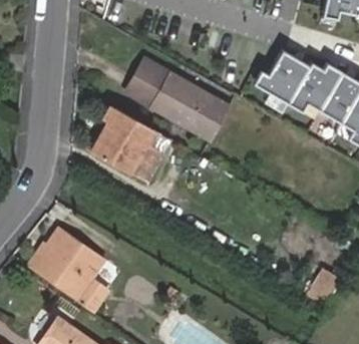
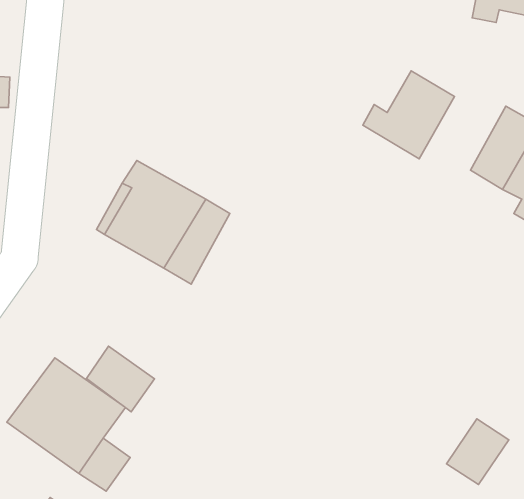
building: [122,57,228,138] -> none
building: [288,61,342,111] -> none
building: none -> [86,346,155,412]

